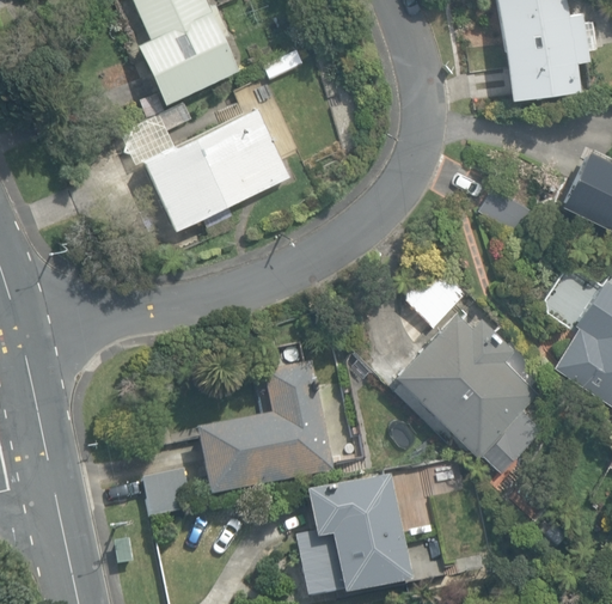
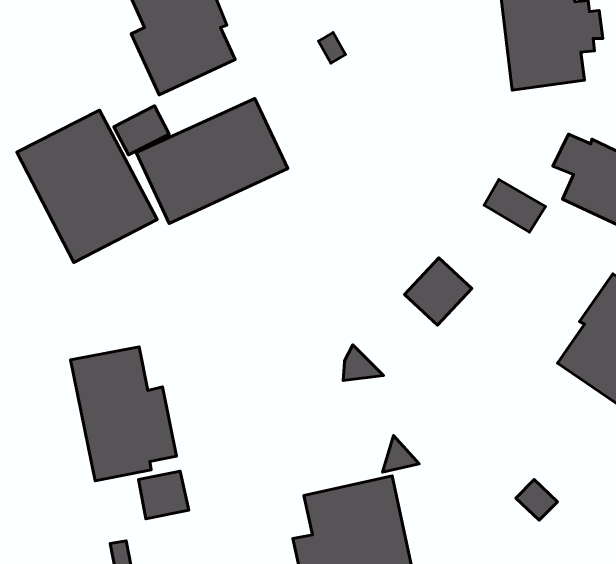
building: none -> [17,110,157,263]
building: [394,310,555,472] -> none
building: none -> [71,347,176,481]
building: [195,361,335,498] -> none

